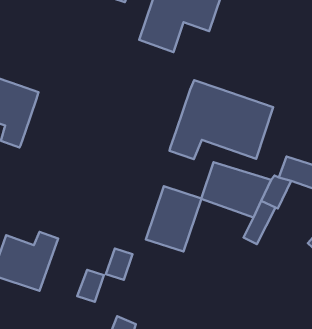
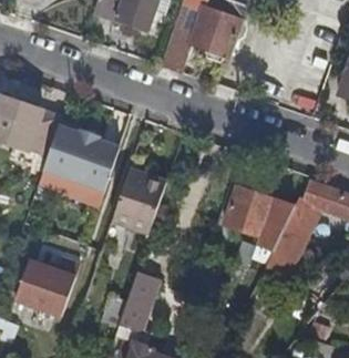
building: [169,80,273,159] -> none
building: none -> [43,125,119,192]
building: [146,186,201,252] -> [112,168,167,234]

